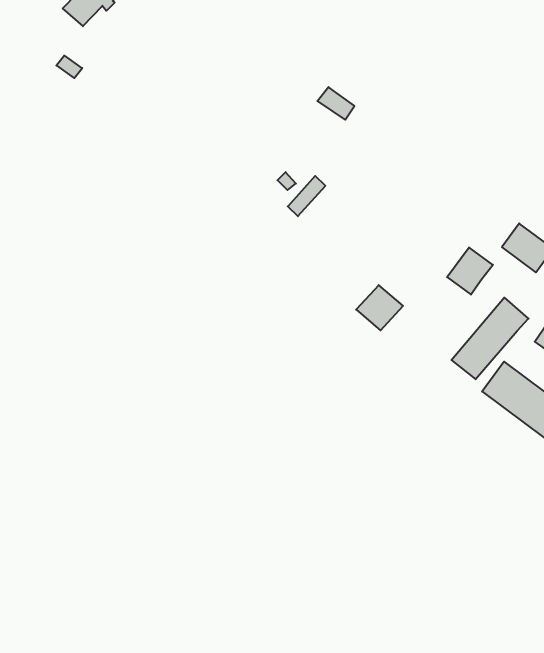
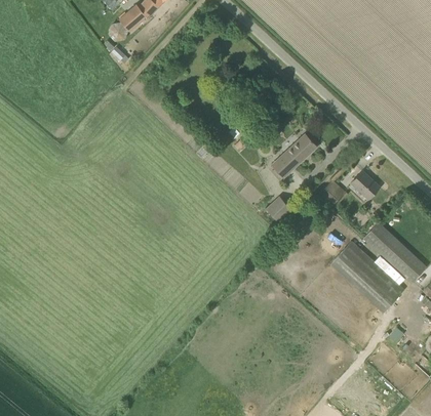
building: [451,298,529,379] -> [271,133,317,177]

